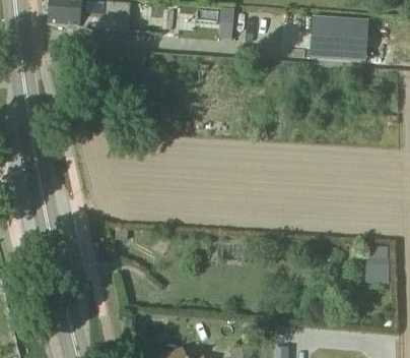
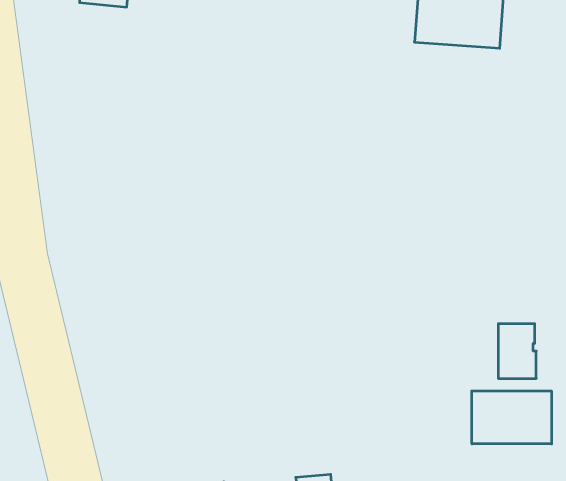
building: none -> [472,391,552,444]

